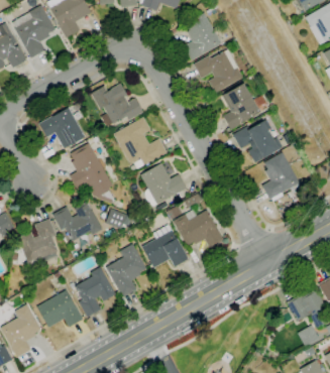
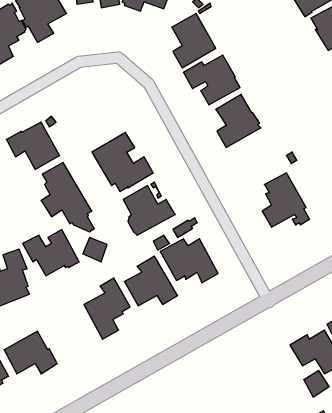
building: [92,84,144,126] -> none
building: [233,120,283,162] -> none
building: [71,267,116,318] -> none

